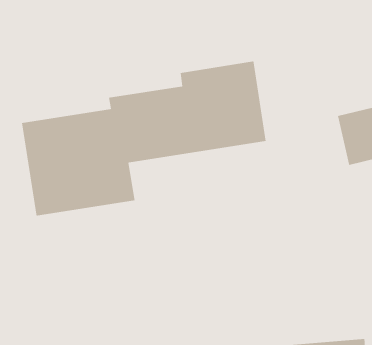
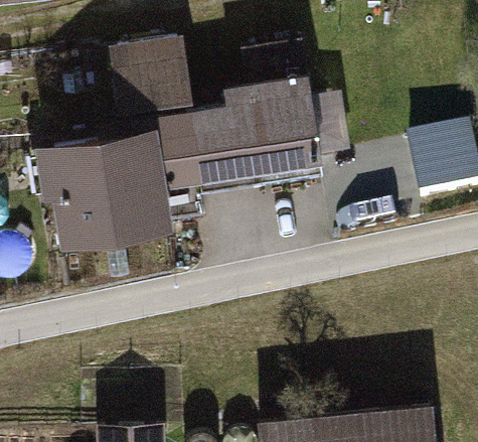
building: none -> [109,35,194,114]

